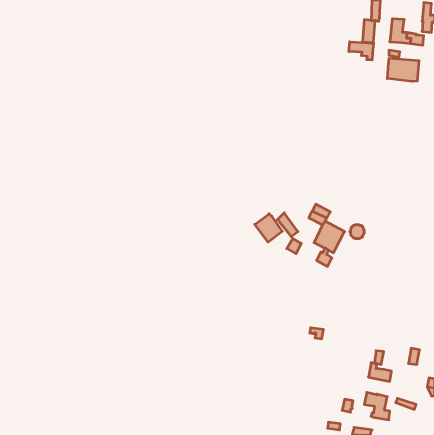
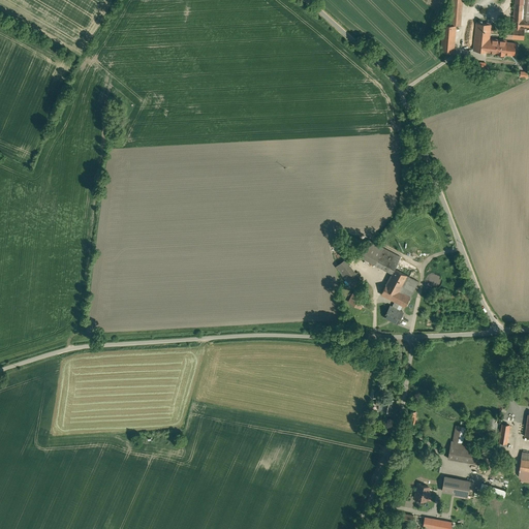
building: [349,42,373,60] -> none
building: [387,58,419,81] -> none
building: [255,214,282,242] -> none

